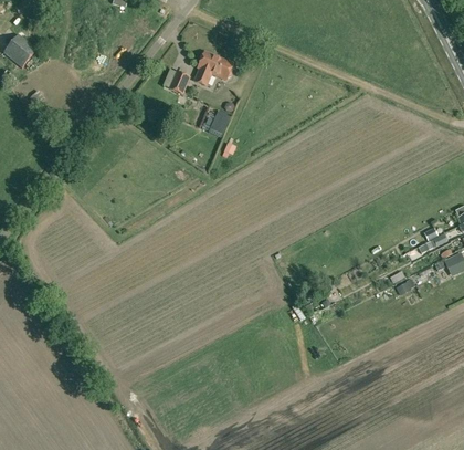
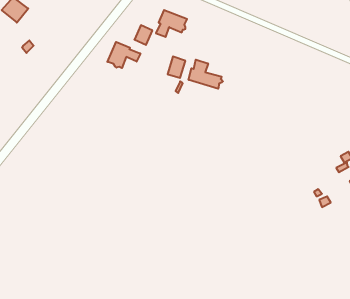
building: none -> [107,42,140,68]
building: none -> [189,60,223,89]

